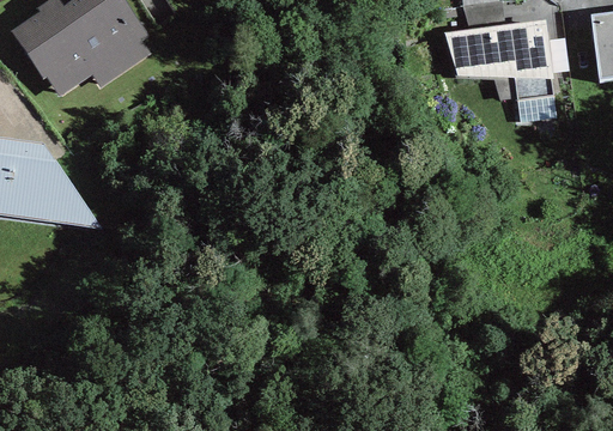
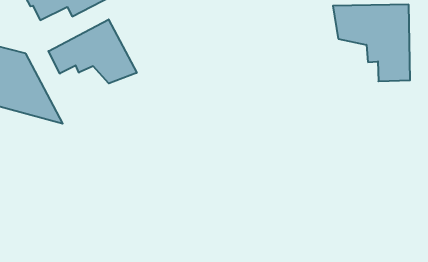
building: none -> [48,19,137,83]

